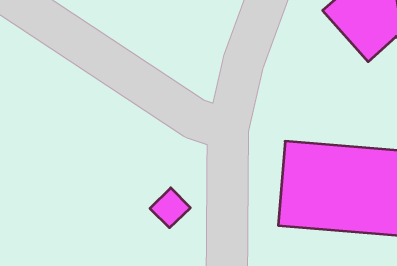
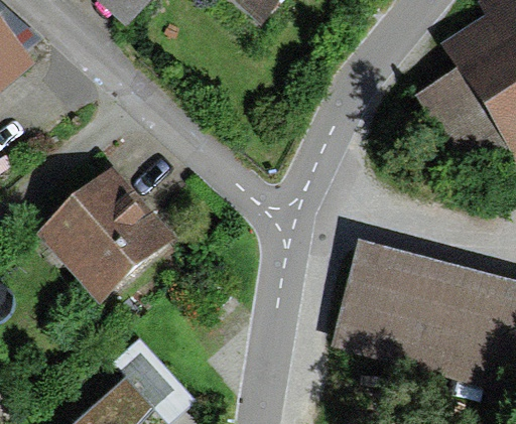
building: none -> [39,166,171,296]

